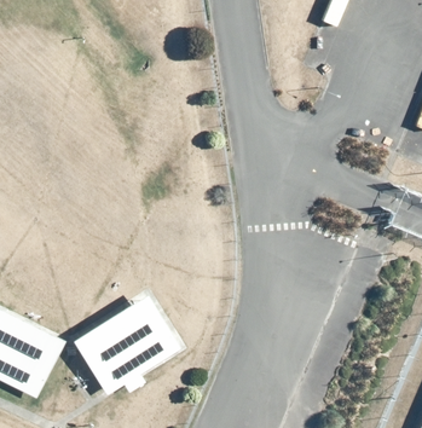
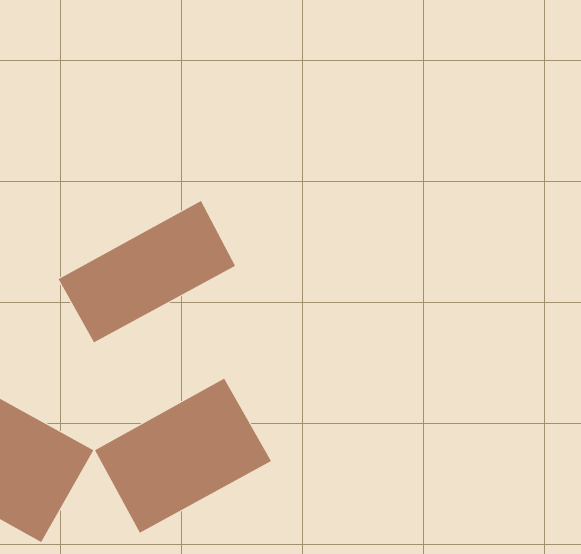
building: none -> [58,200,236,343]

